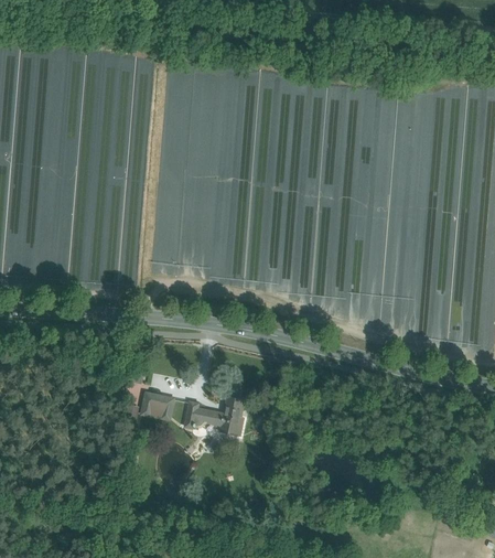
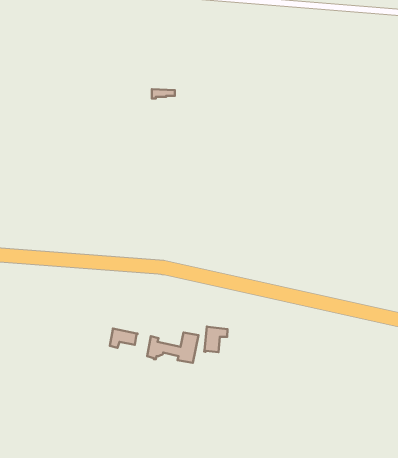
building: none -> [204,327,227,352]

